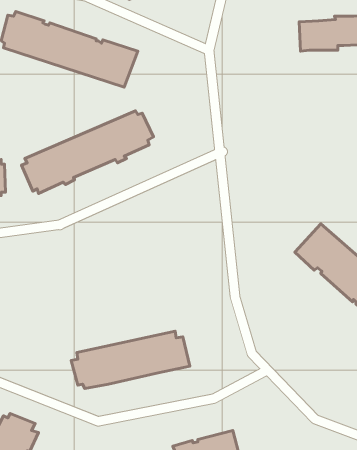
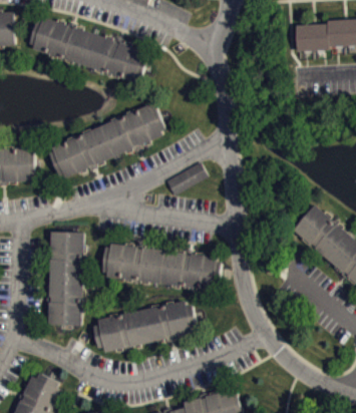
building: none -> [164,161,207,194]
building: none -> [47,232,83,324]
building: none -> [101,243,220,291]

